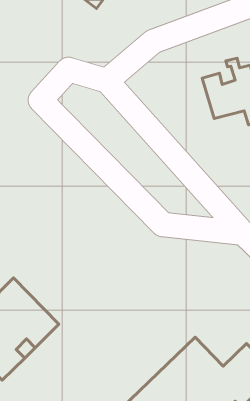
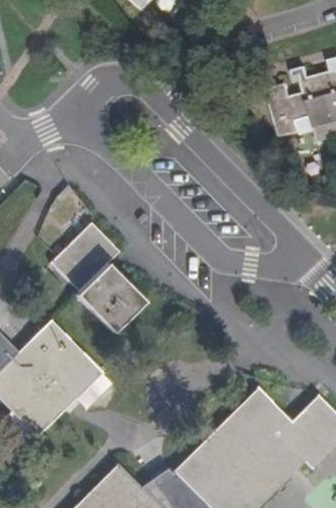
building: none -> [49,222,144,332]

